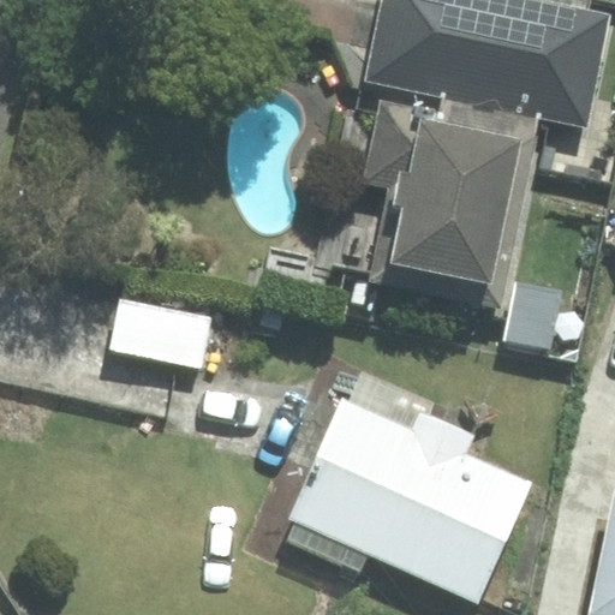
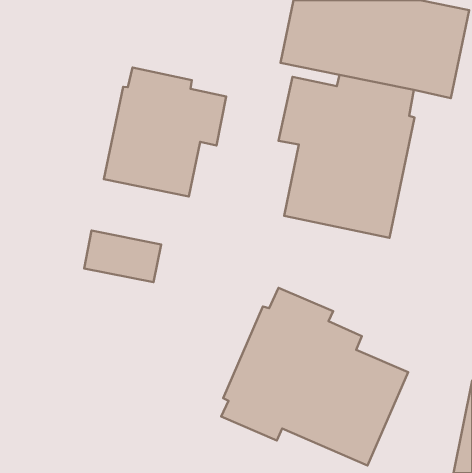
building: none -> [104,68,226,197]

